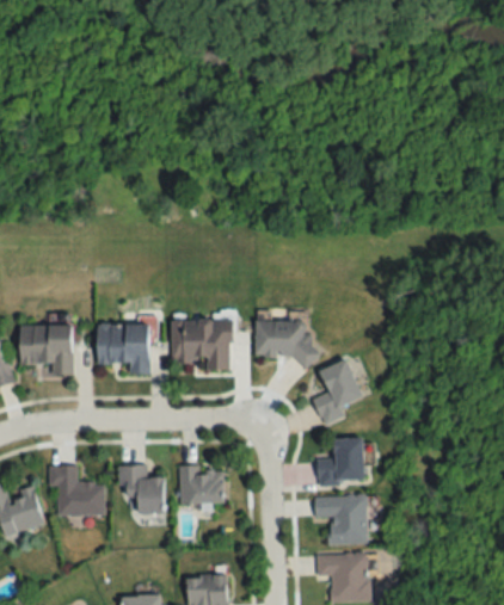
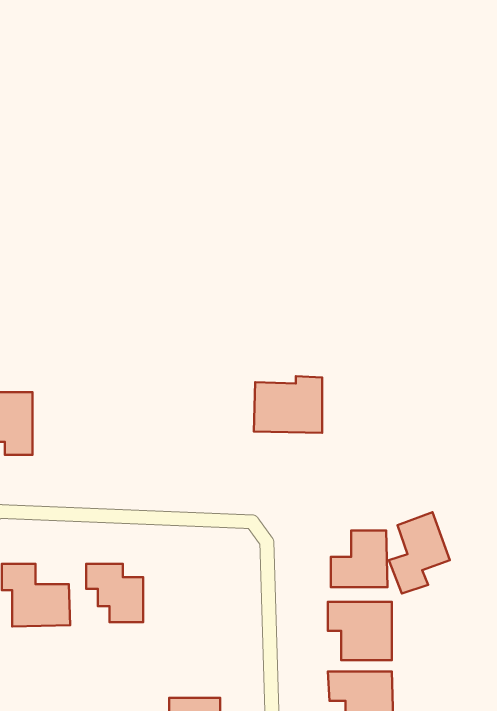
building: [172,319,233,370] -> none
building: [98,323,150,374] -> none
building: [314,358,364,425] -> [389,512,450,594]
building: [179,465,225,504] -> none

